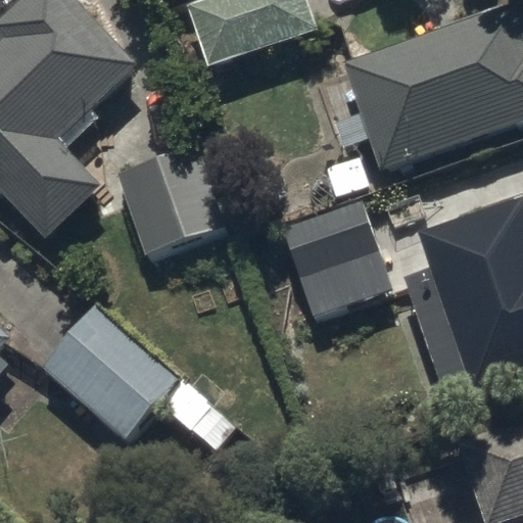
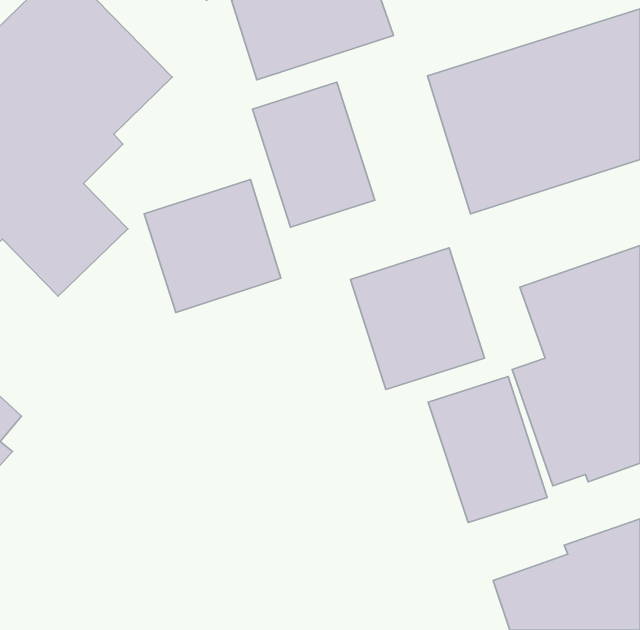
building: none -> [253,82,375,227]
building: [43,302,178,434] -> none
building: none -> [428,377,547,523]

